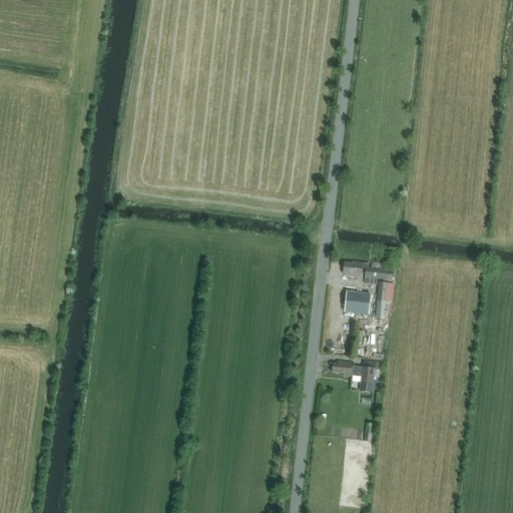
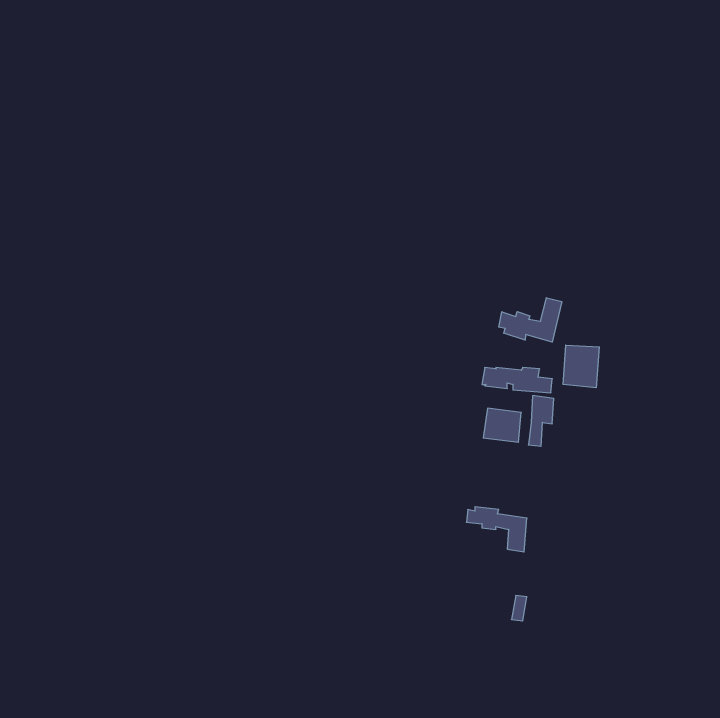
building: none -> [499,298,562,342]
building: none -> [563,345,599,388]

